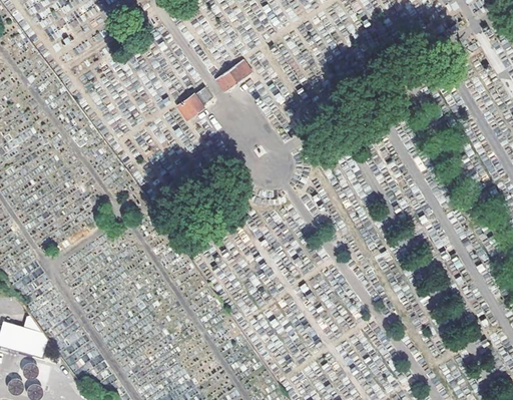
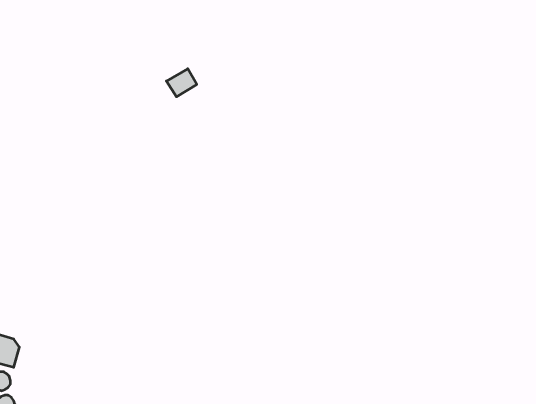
building: [216,63,249,92] -> none

